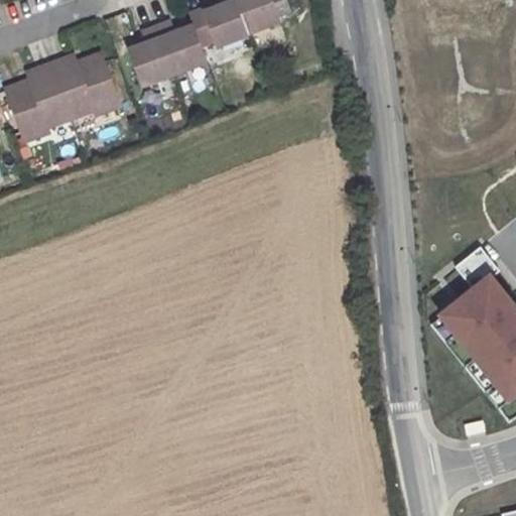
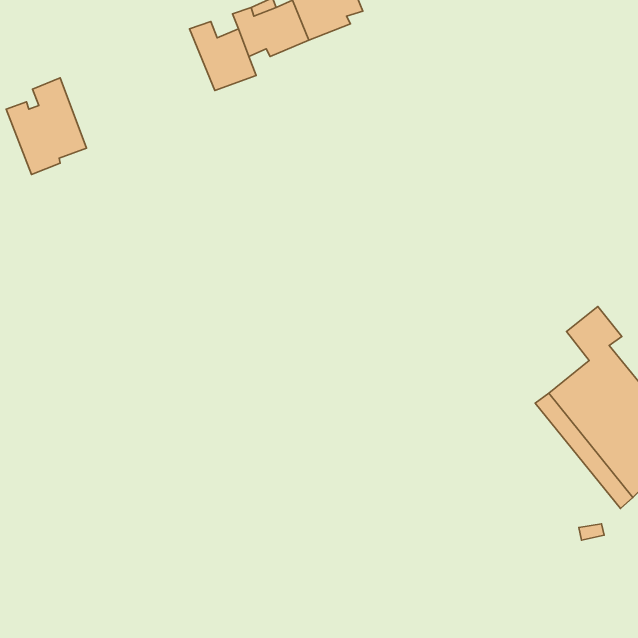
building: [130,23,175,84] -> none
building: [51,51,124,119] -> none

